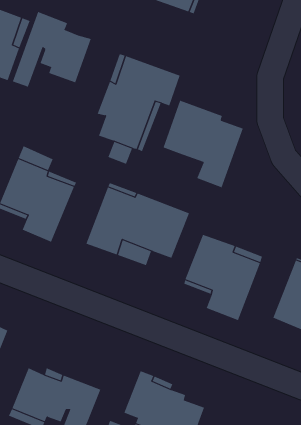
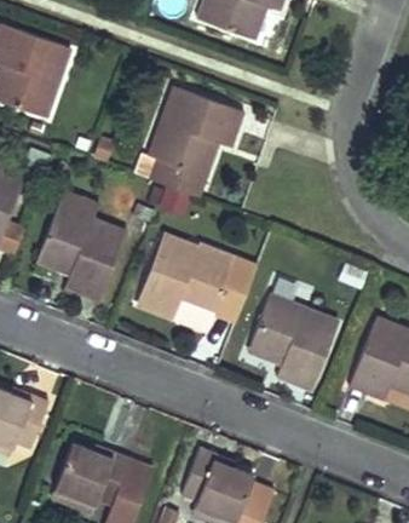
building: [12,11,92,87] -> none
building: [163,100,243,188] -> none

